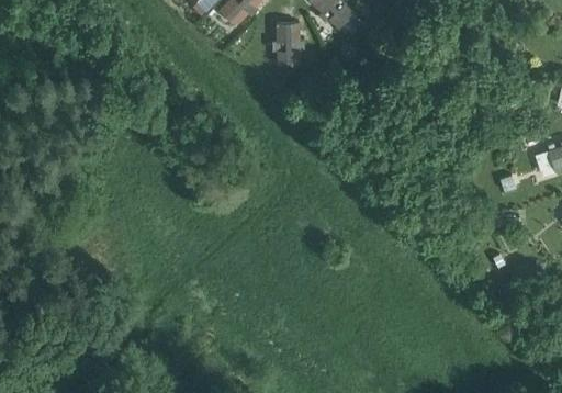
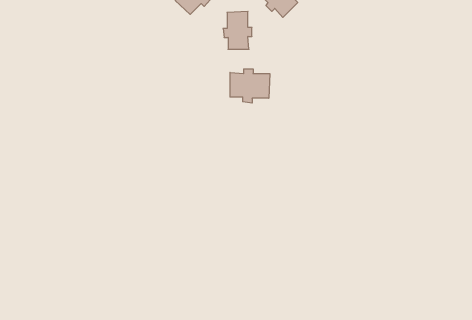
building: none -> [230,69,270,103]

